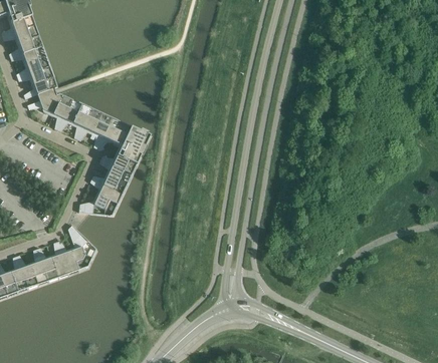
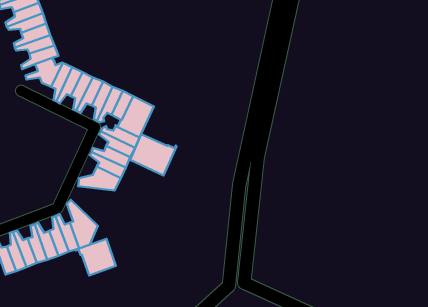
building: none -> [130,134,177,175]
building: none -> [76,239,116,276]

